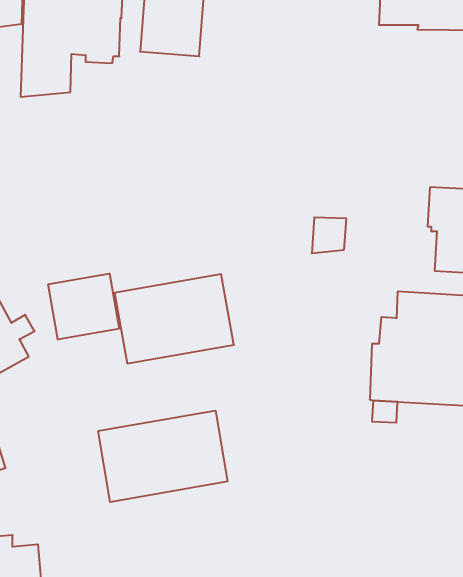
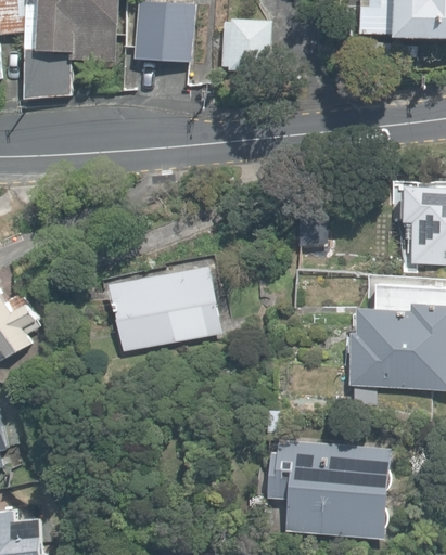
building: none -> [220,18,269,72]
building: [48,274,119,340] -> none
building: [98,411,227,502] -> none
building: none -> [266,439,390,538]

